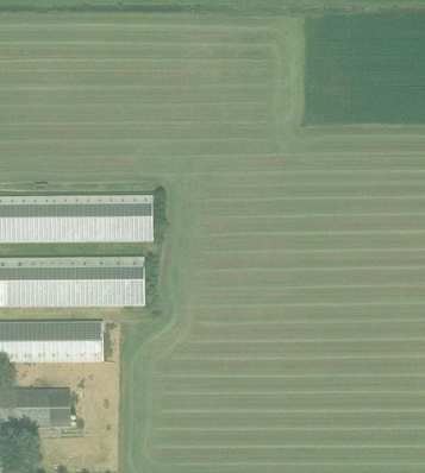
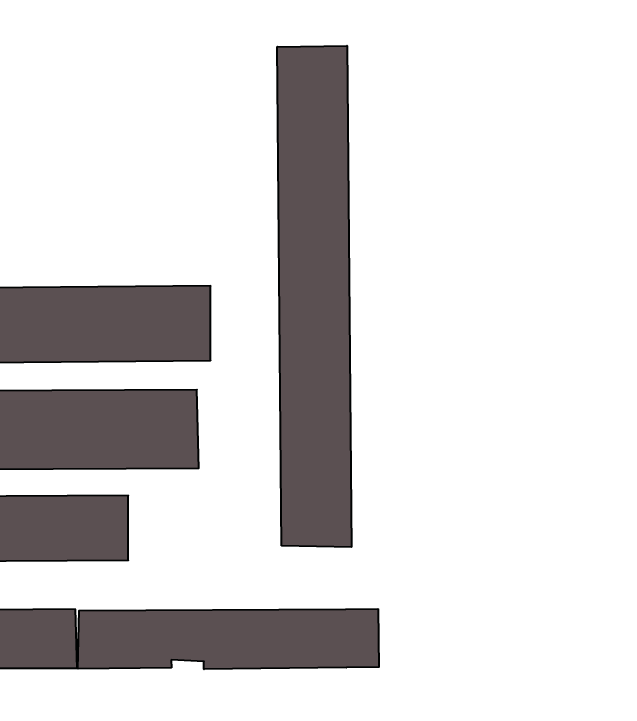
building: none -> [277,46,351,547]
building: none -> [78,609,379,669]

